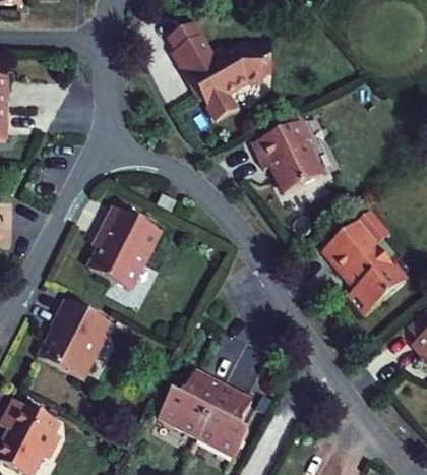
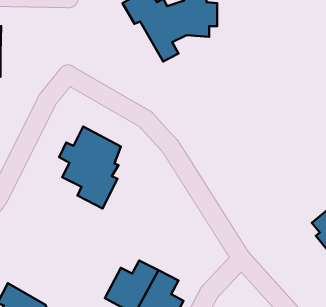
building: [248,117,319,190] -> none
building: [319,211,401,318] -> none
building: [42,301,107,377] -> none

